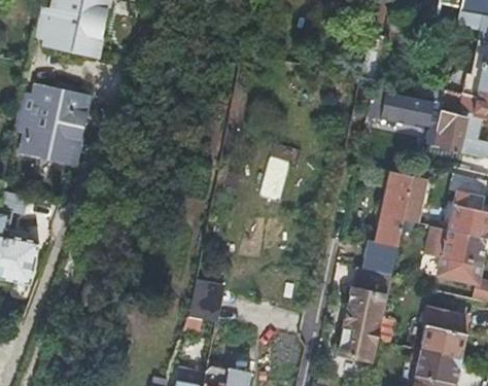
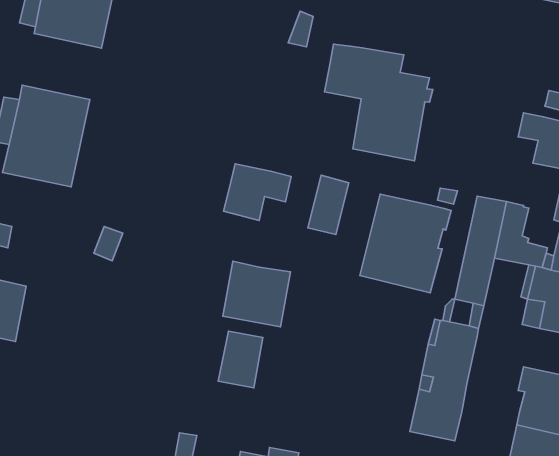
building: none -> [325,44,433,161]
building: [385,87,421,122] -> none
building: none -> [223,164,291,221]
building: none -> [360,194,451,293]
building: none -> [223,261,290,327]

